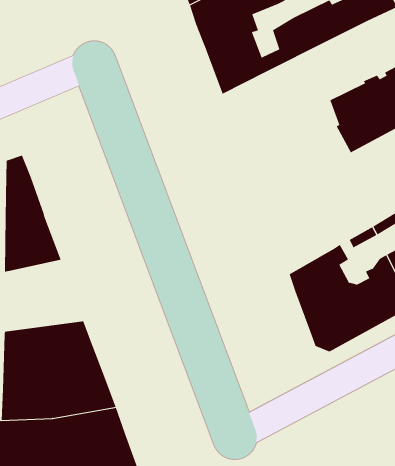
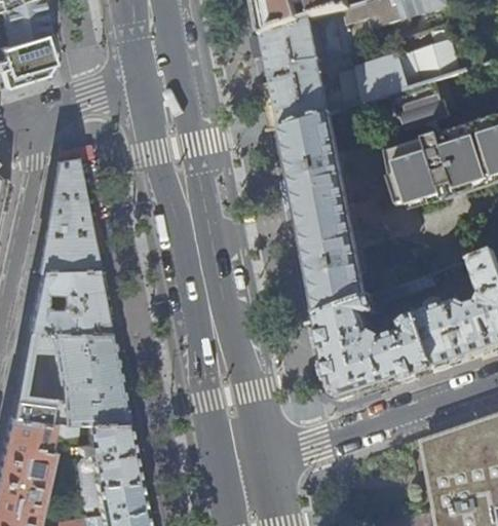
building: none -> [391,80,452,129]
building: none -> [281,114,367,317]
building: none -> [29,267,109,331]

